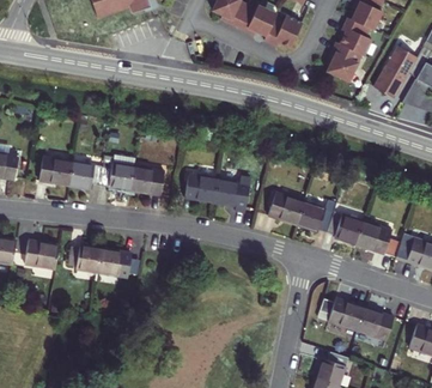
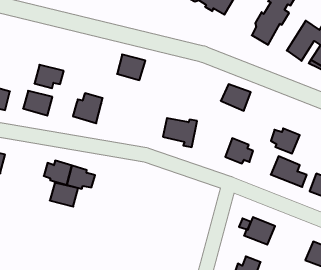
building: [73,164,109,193] -> [34,65,64,88]
building: [135,169,170,200] -> [117,54,145,80]
building: [189,177,224,206] -> none
building: [270,194,308,226] -> [221,84,251,111]
building: [331,214,367,245] -> [271,128,300,154]
building: [30,242,65,271] -> [50,183,78,207]
building: [360,310,396,344] -> none

